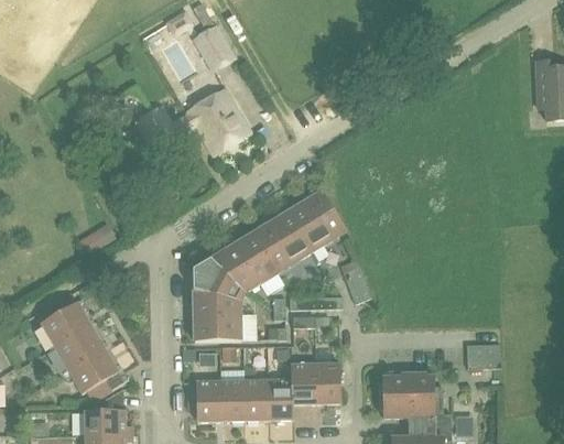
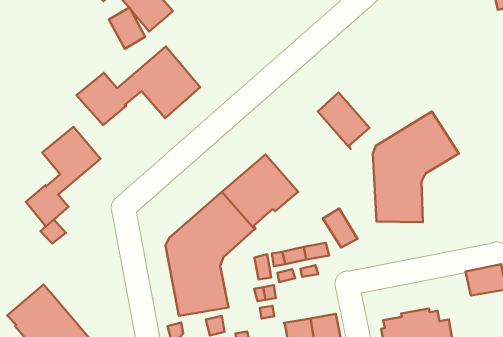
building: none -> [26,127,101,227]
building: [300,191,345,245] -> [318,93,370,149]
building: none -> [373,111,459,222]

